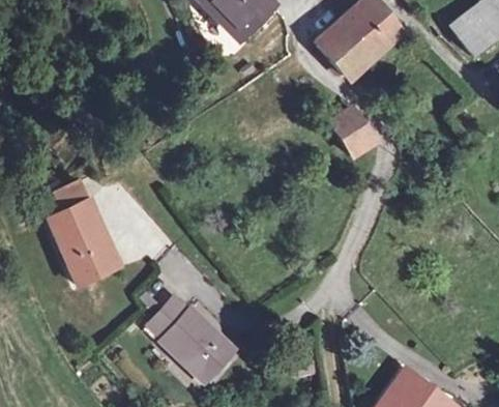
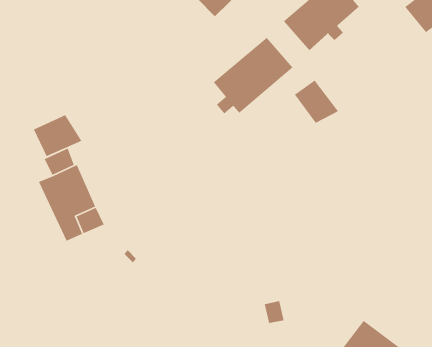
building: none -> [213,37,293,114]
building: none -> [33,114,82,157]
building: [148,295,236,382] -> none

